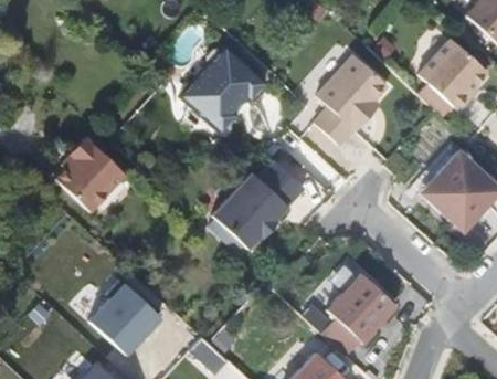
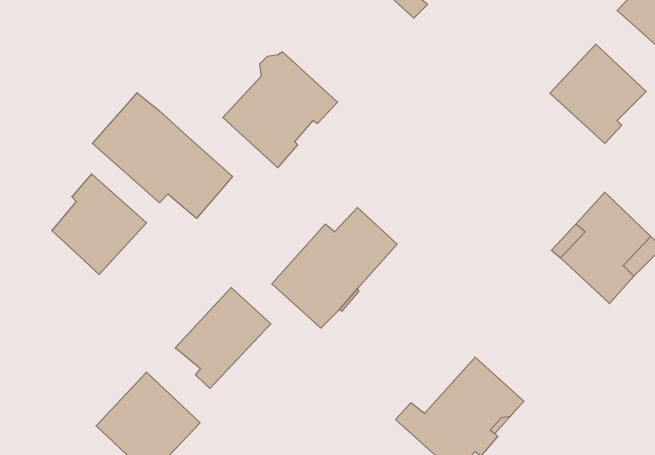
building: [313,56,385,145] -> none
building: none -> [92,93,233,218]
building: none -> [175,288,271,388]

